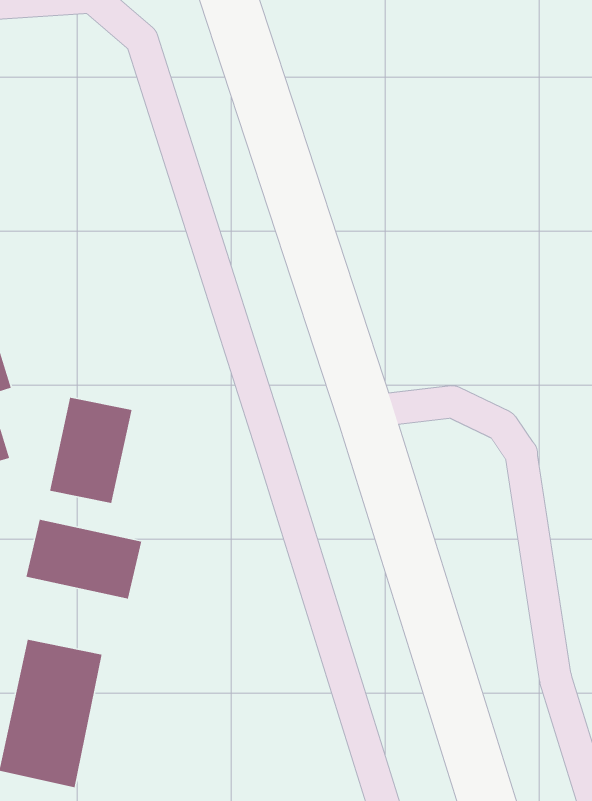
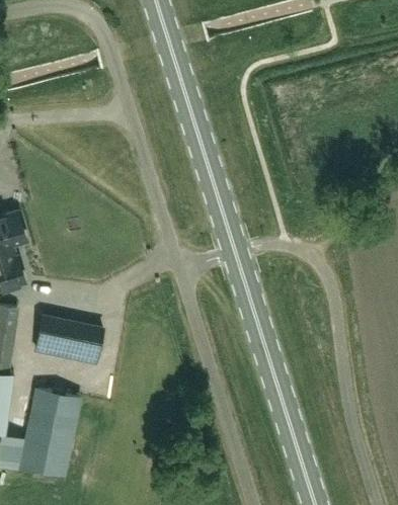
building: [49,397,132,504] -> none

